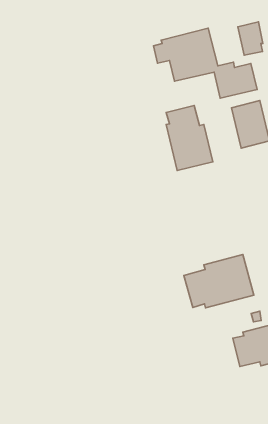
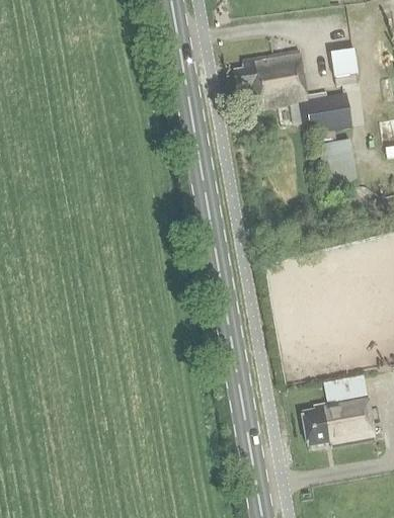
building: [166,105,213,171] -> none
building: [184,254,254,308] -> none

